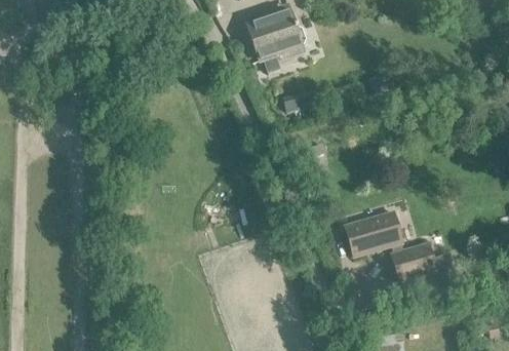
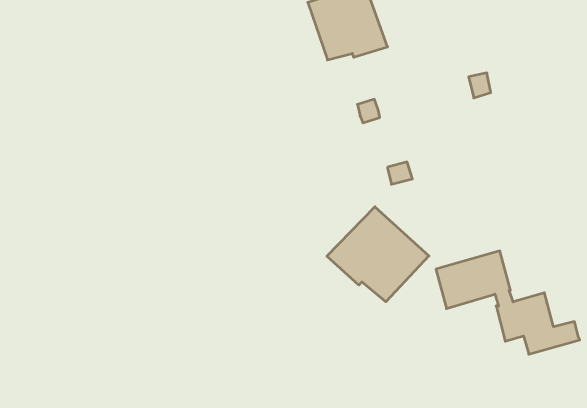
building: none -> [327,207,429,302]

